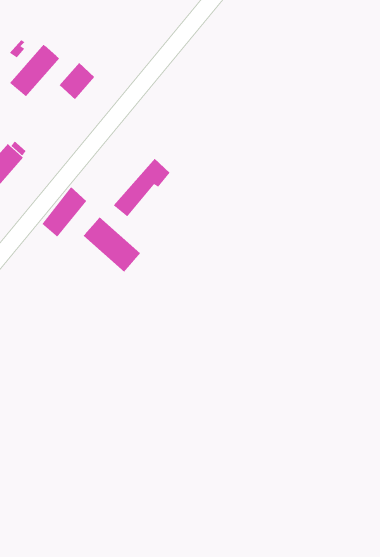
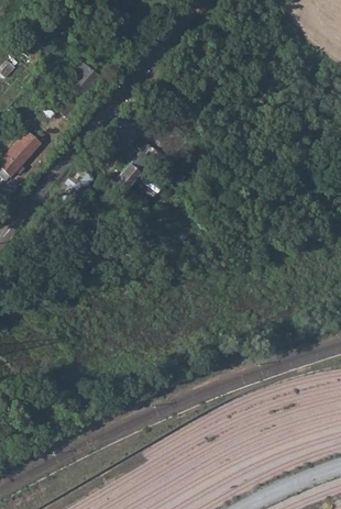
building: [9,44,60,97] -> none
building: [83,217,141,273] -> none

